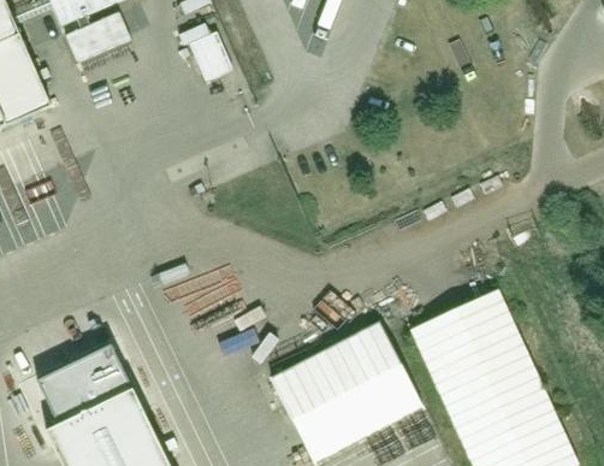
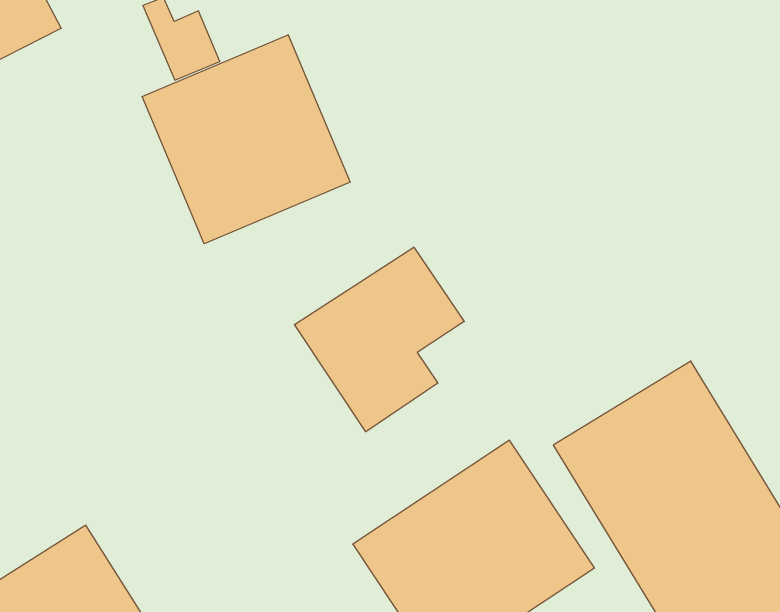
building: none -> [142,35,350,244]
building: none -> [295,247,464,432]

